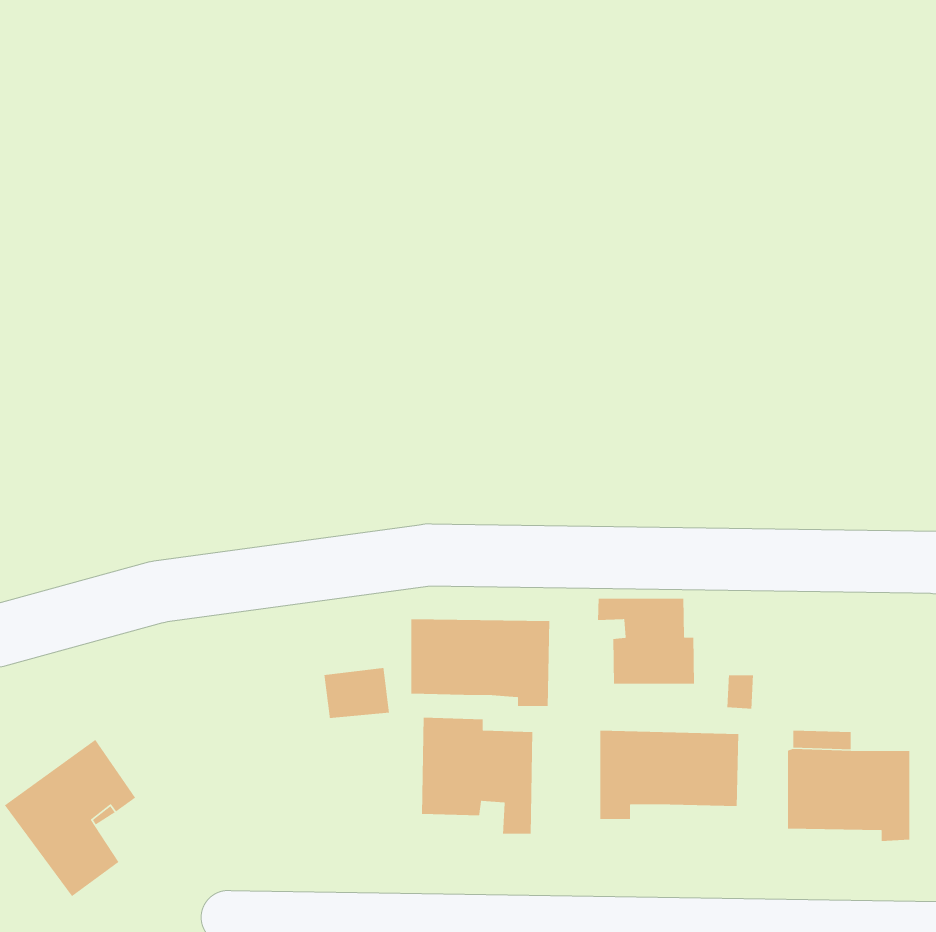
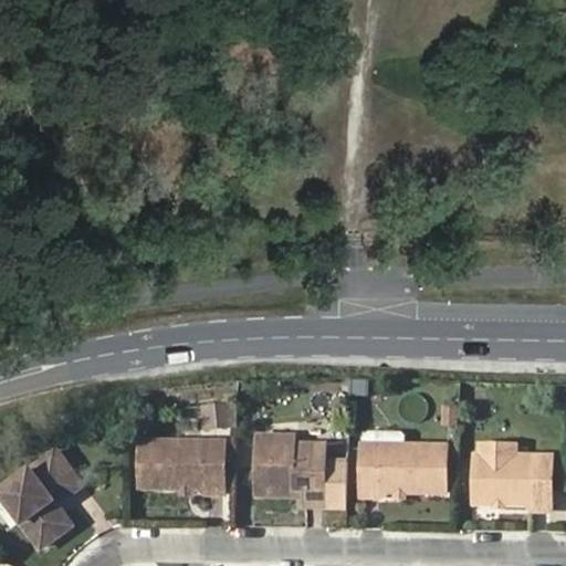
building: [597,598,695,684] -> none
building: [411,619,550,707] -> [139,442,223,495]

